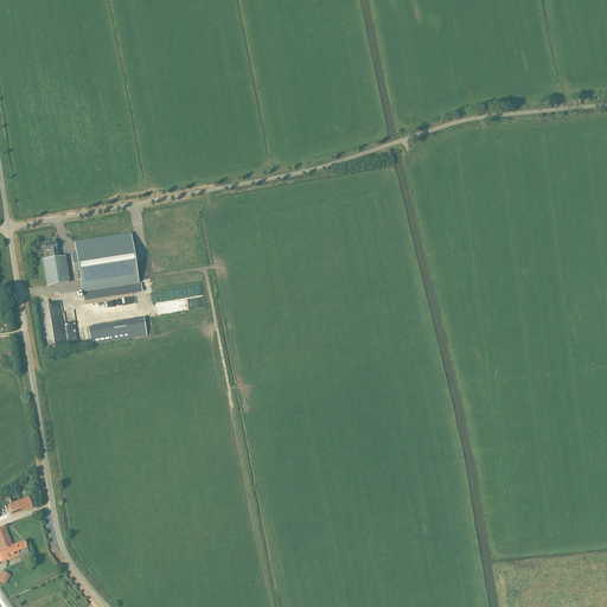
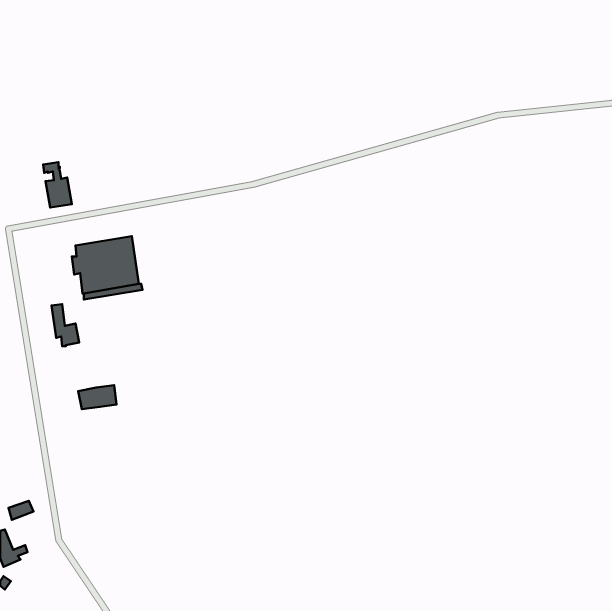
building: [40,239,69,285] -> [43,162,72,208]
building: [108,317,146,340] -> [78,385,116,409]

